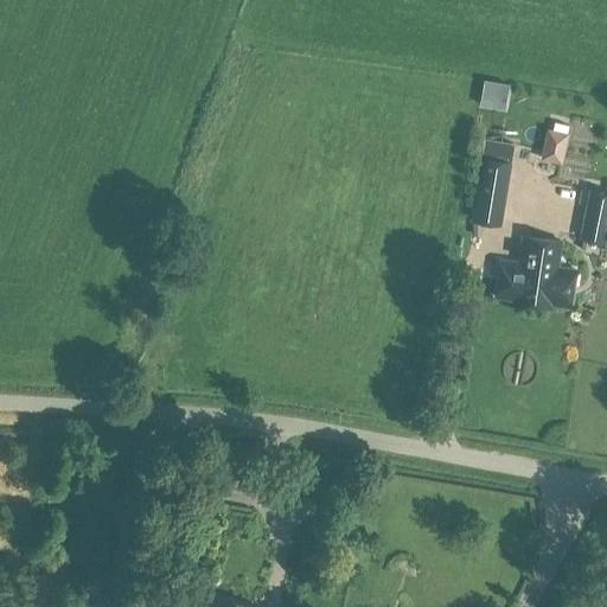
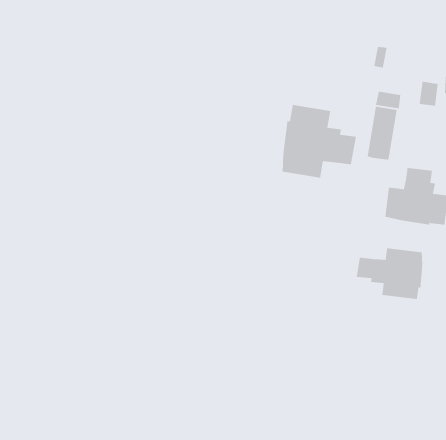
building: none -> [282,104,356,179]
building: none -> [356,248,423,300]

